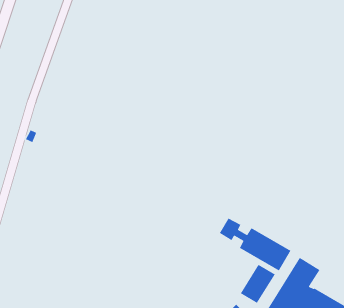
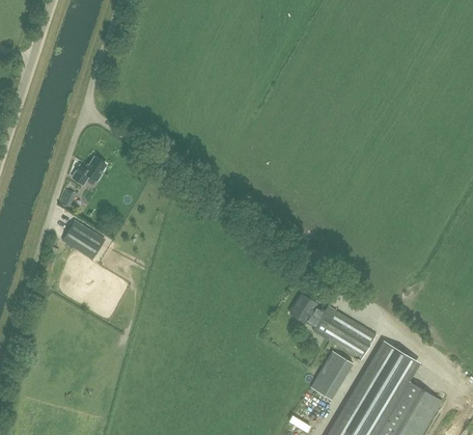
building: none -> [72,157,106,184]
building: none -> [63,220,105,256]

